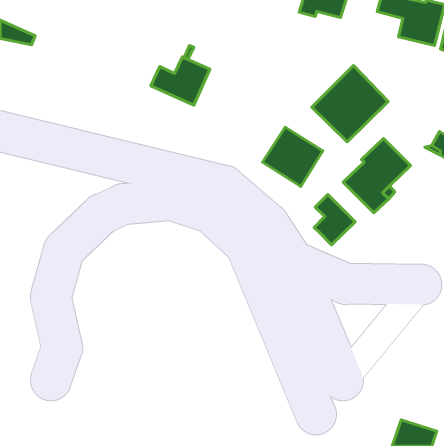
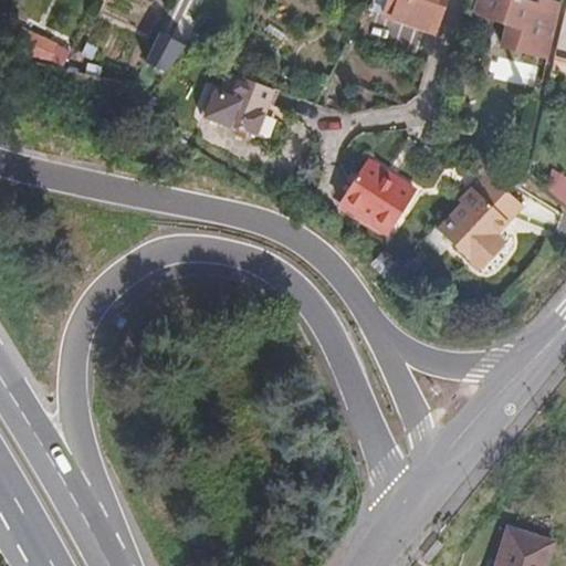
building: none -> [151,28,191,70]
building: [312,66,388,142] -> none
building: [314,195,355,245] -> none

